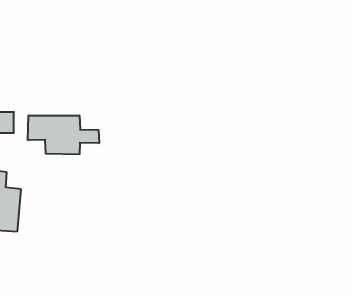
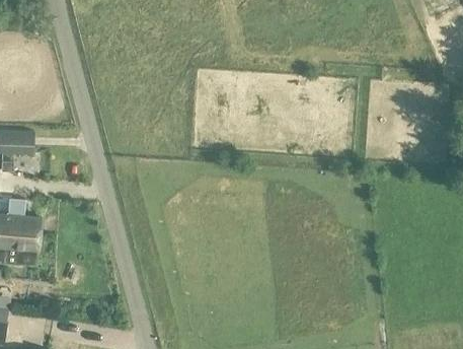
building: [28,115,99,154] -> none

